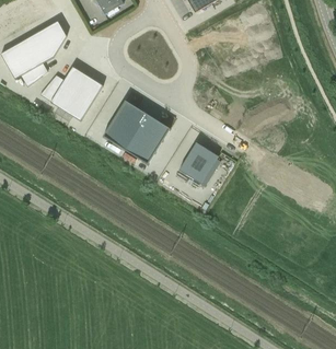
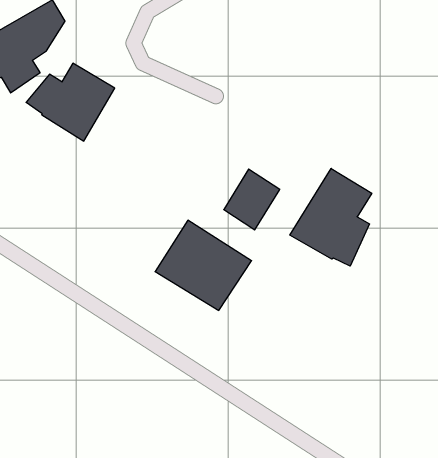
building: [102,98,170,162] -> [155,220,252,310]
building: none -> [290,168,372,266]

